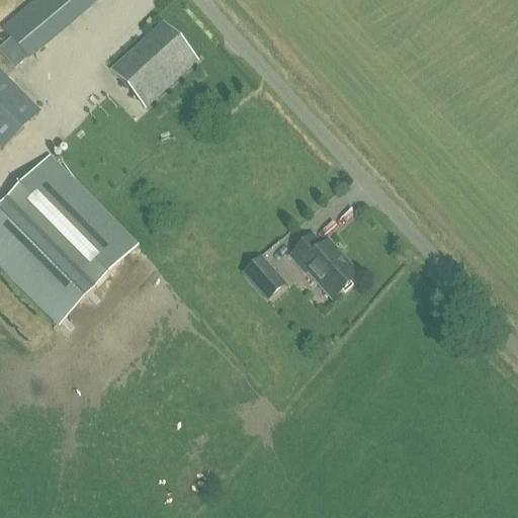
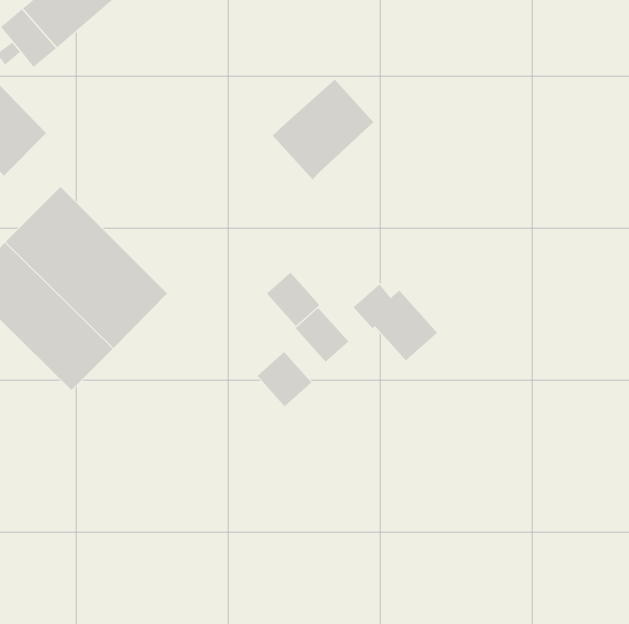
building: [112,20,196,103] -> [272,79,374,180]
building: none -> [266,272,320,327]
building: none -> [257,351,312,407]

